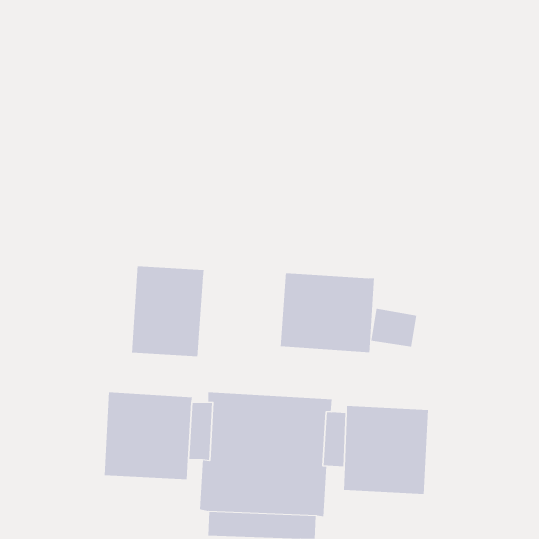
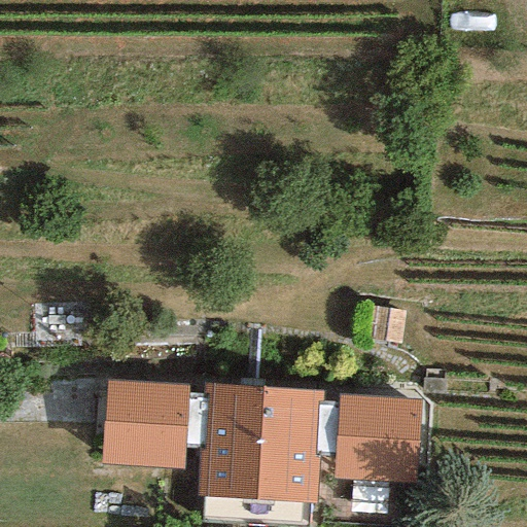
building: [132,266,204,357] -> none
building: [280,272,374,353] -> none

